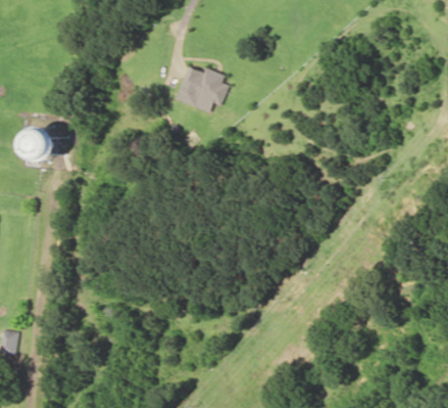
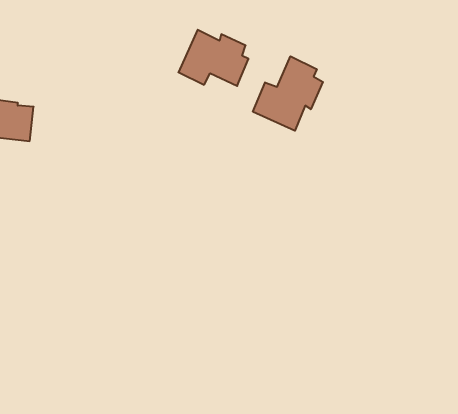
building: none -> [253,56,323,131]

